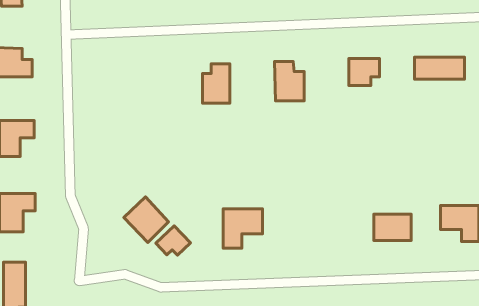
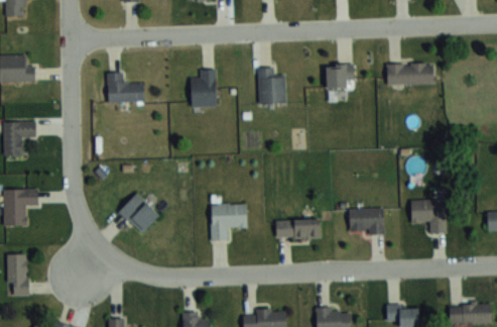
building: none -> [108,73,144,102]
building: none -> [277,219,320,239]
building: [156,226,190,255] -> none

